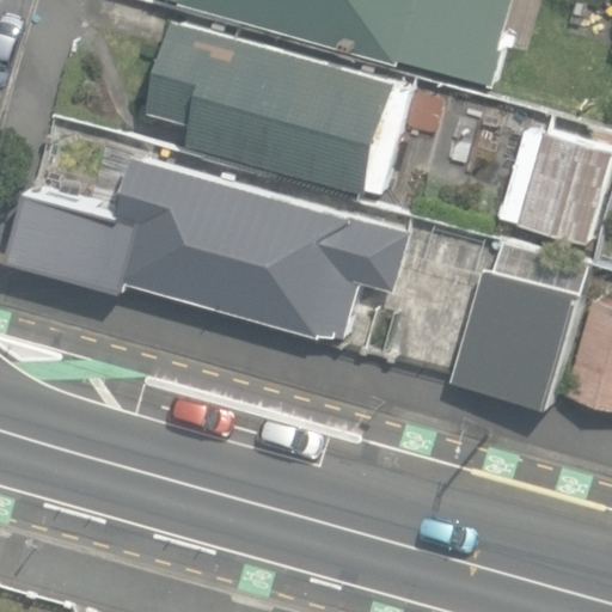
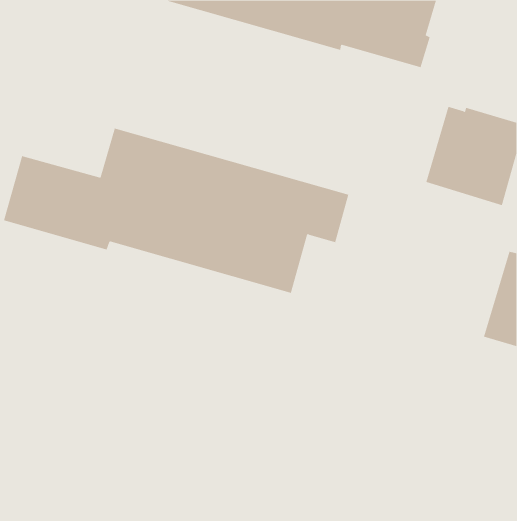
building: [143,20,410,195] -> none
building: [449,238,587,409] -> none

